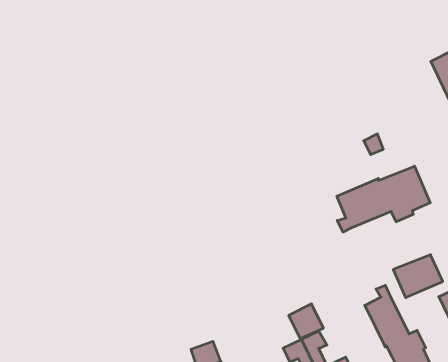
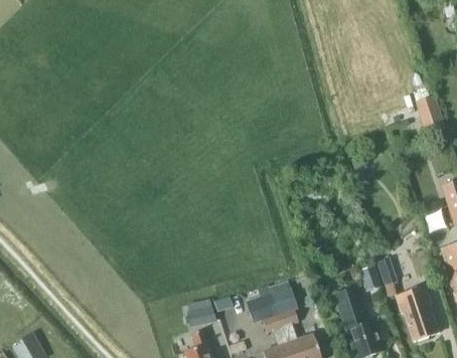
building: [337,166,430,232] -> none
building: none -> [246,293,278,323]

